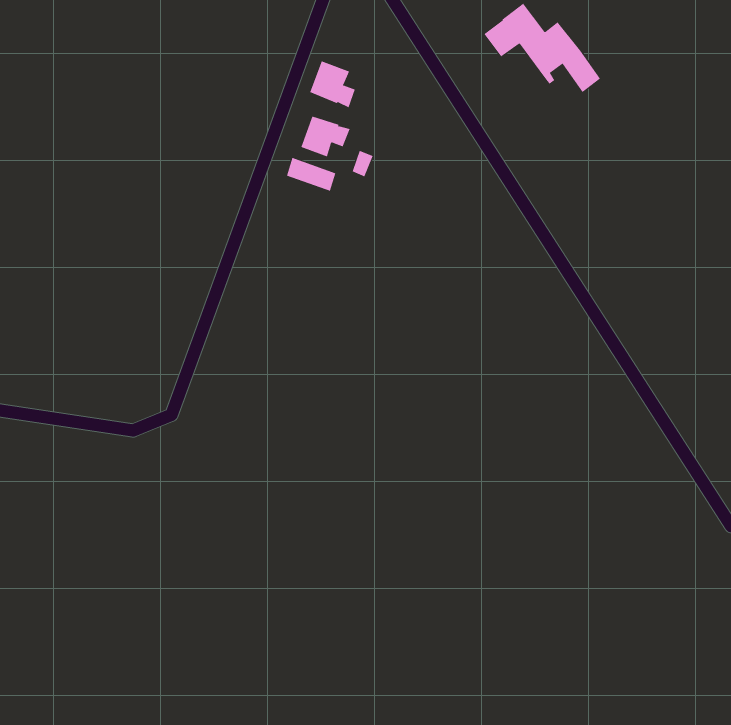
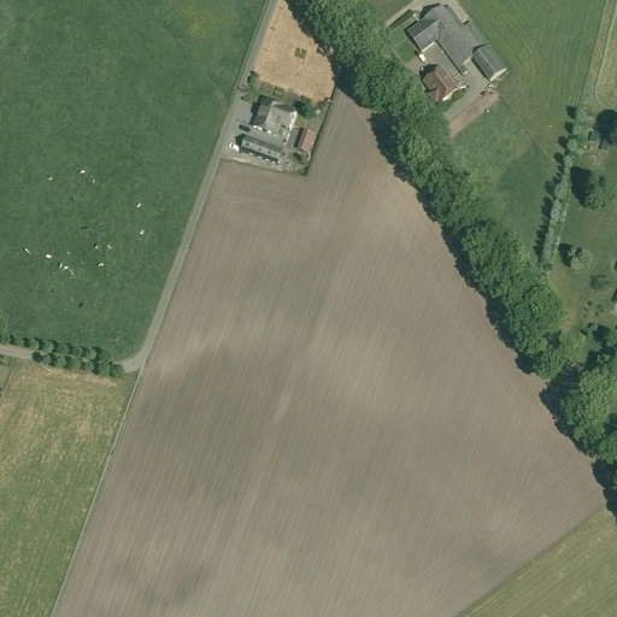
building: [310,61,356,108] -> none
building: none -> [424,65,458,100]

